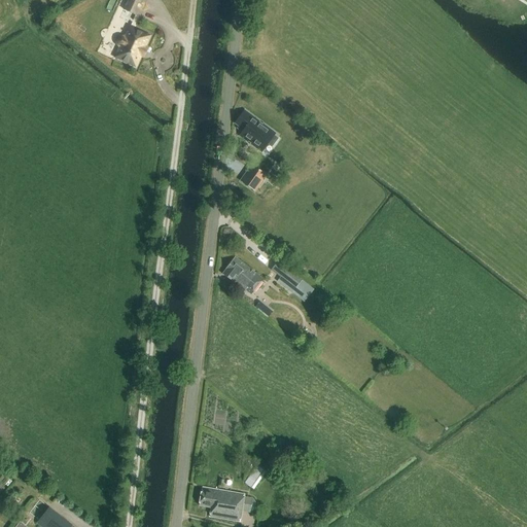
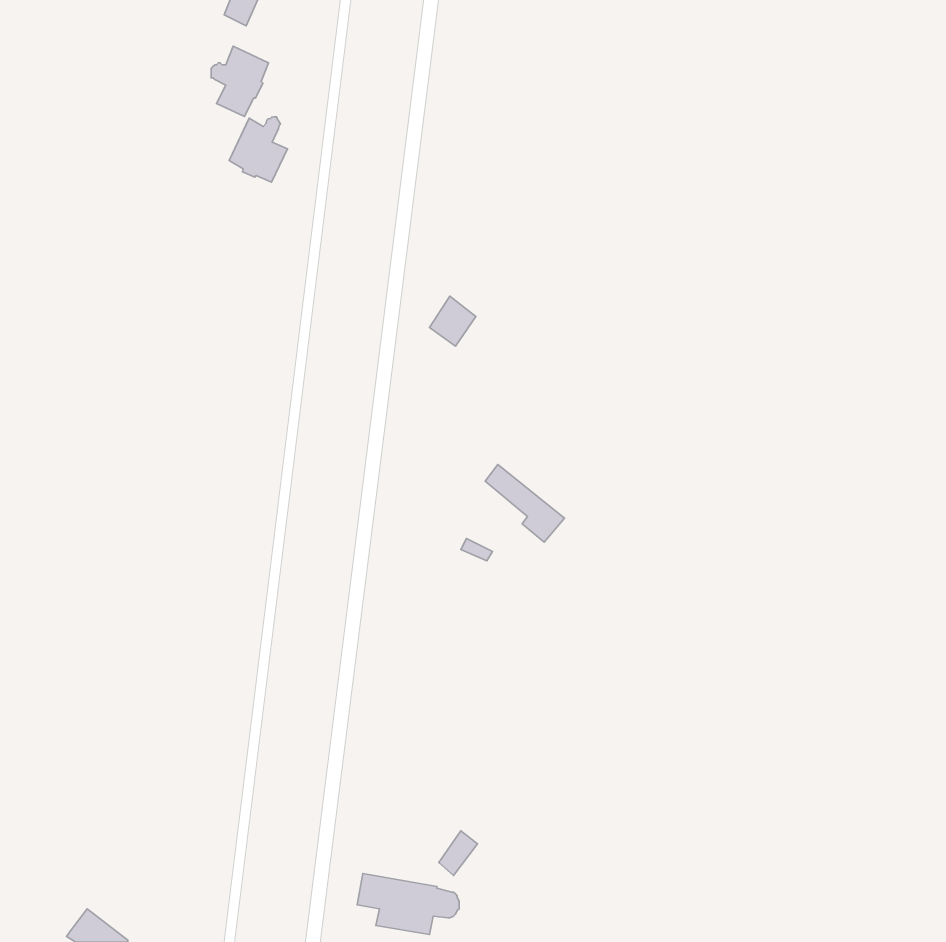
building: none -> [229,117,288,182]
building: [234,113,273,153] -> none
building: [222,255,262,292] -> none

